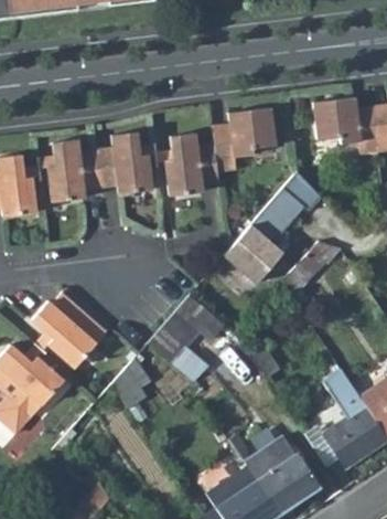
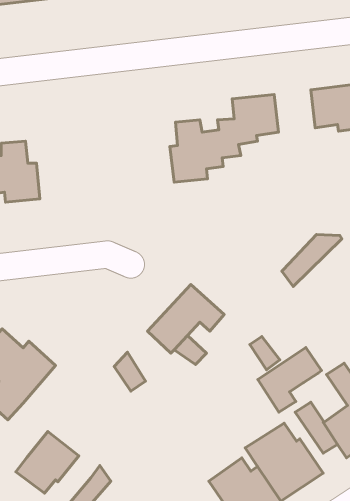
building: [52,131,157,201] -> none
building: [226,180,318,279] -> none
building: [25,288,100,364] -> none
building: none -> [258,348,322,412]
building: none -> [16,432,79,493]

